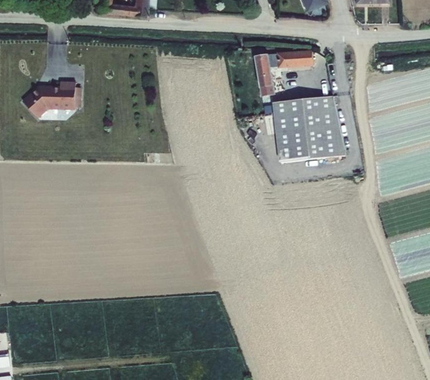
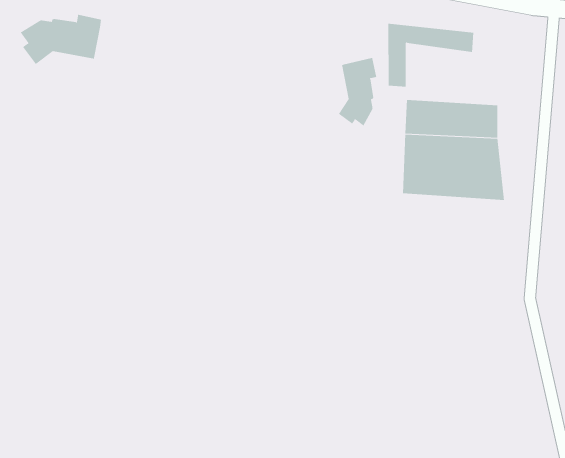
building: none -> [338,57,377,126]

